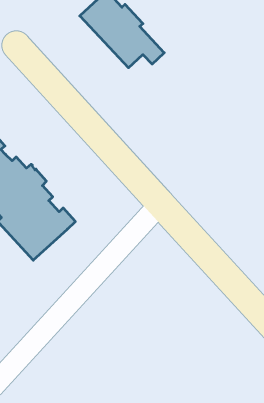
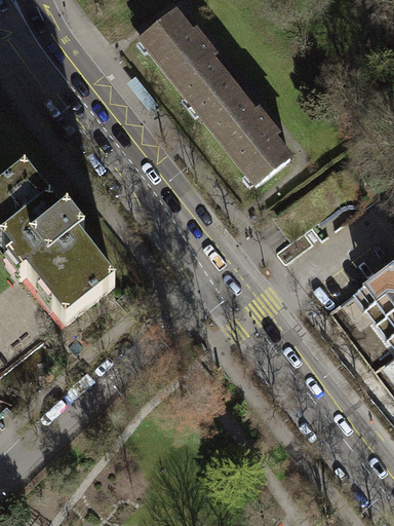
building: none -> [194,89,290,182]

